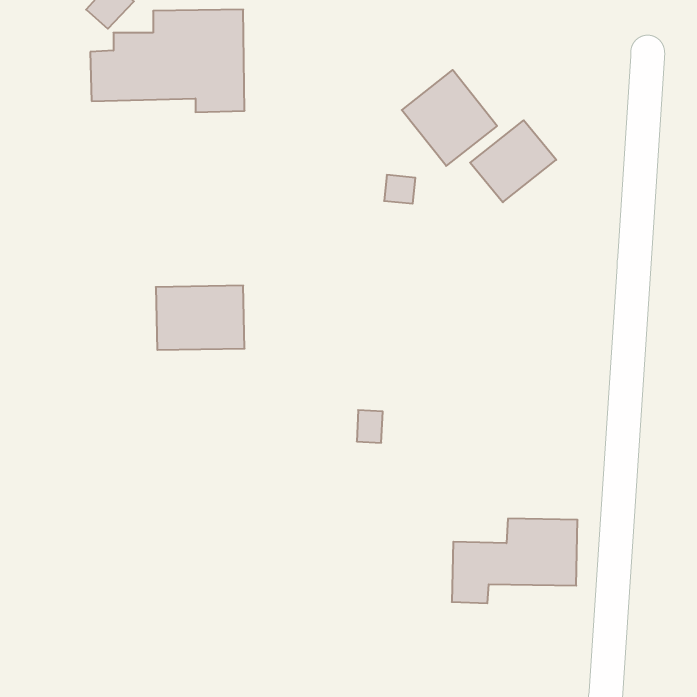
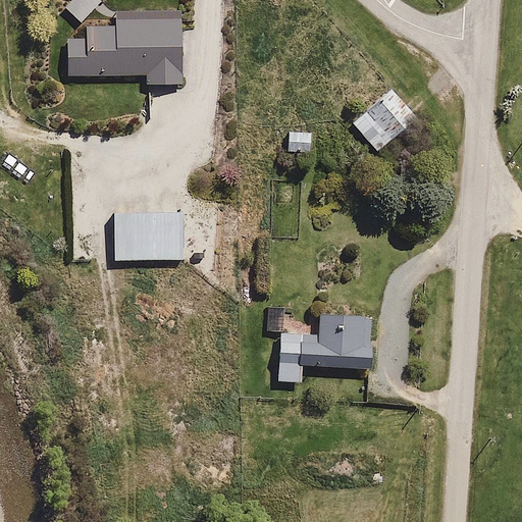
building: [402,70,497,166] -> none
building: [452,519,578,603] -> [277,316,371,379]

